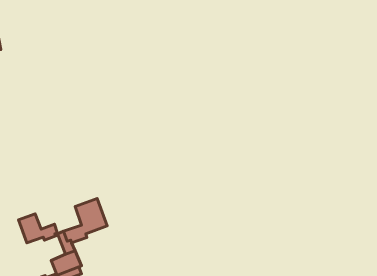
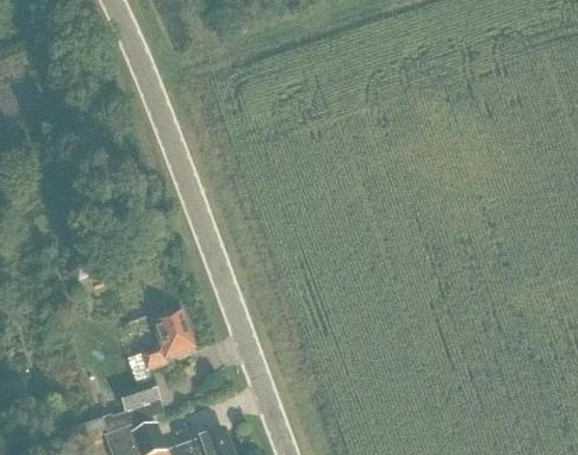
building: [19,214,57,243] -> none

